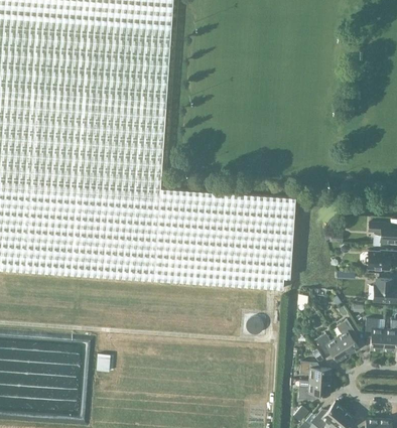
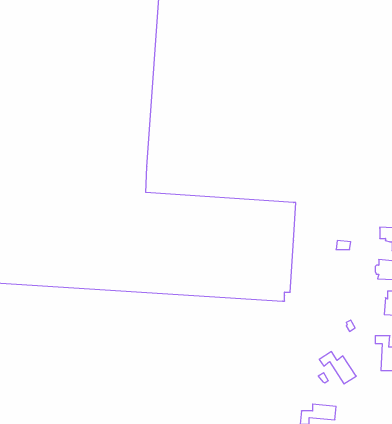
building: [337,318,359,354] -> none
building: [300,361,332,382] -> none

